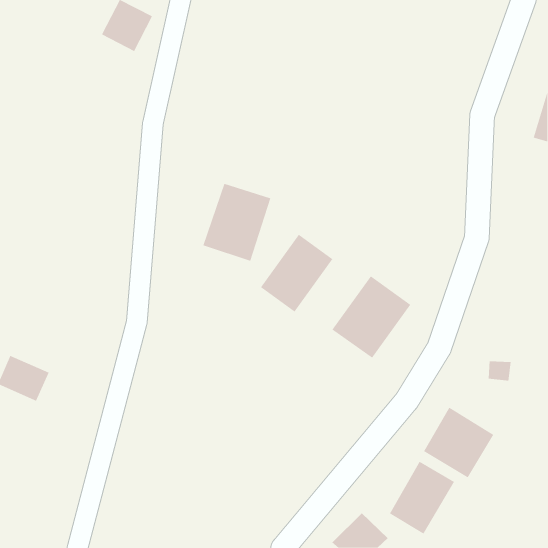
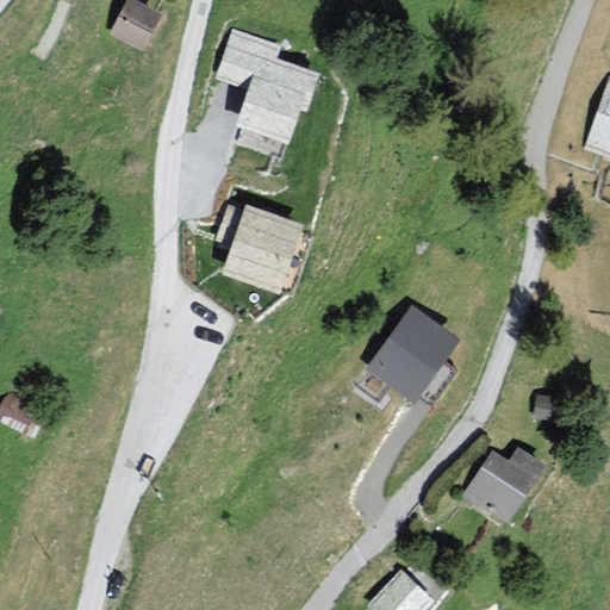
building: none -> [212,26,311,141]
building: [260,234,333,312] -> none
building: [389,461,455,534] -> none

